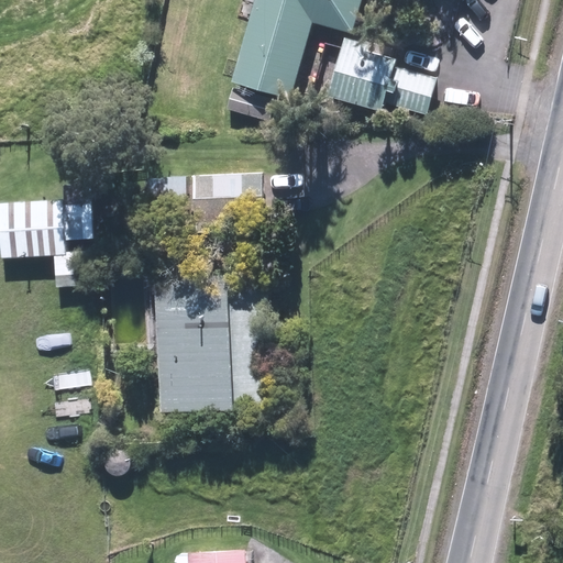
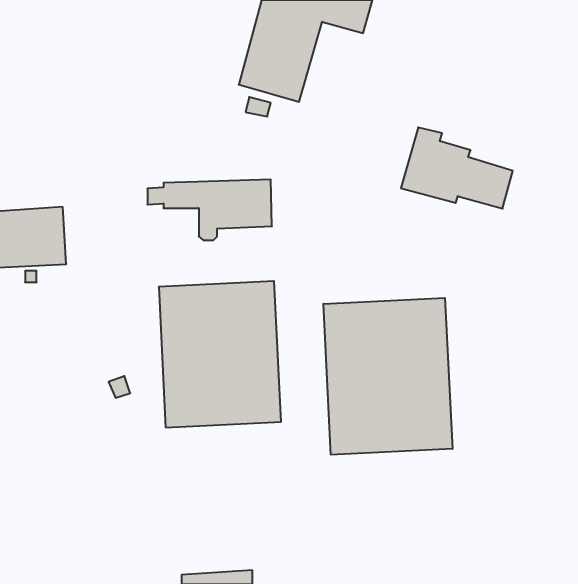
building: [325,37,433,115] -> [401,127,513,209]
building: none -> [323,298,452,455]

